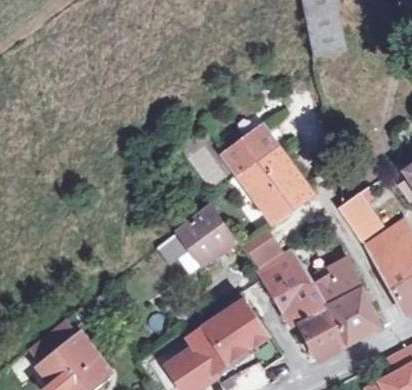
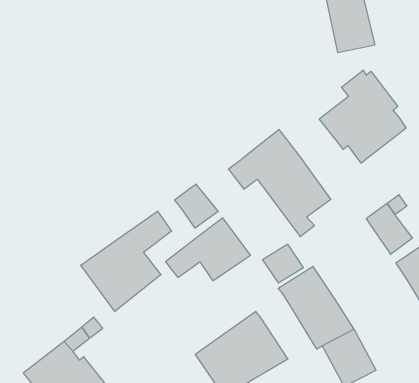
building: none -> [319,70,406,163]
building: none -> [175,184,218,228]
building: none -> [81,211,171,311]
building: [310,260,380,345] -> none

